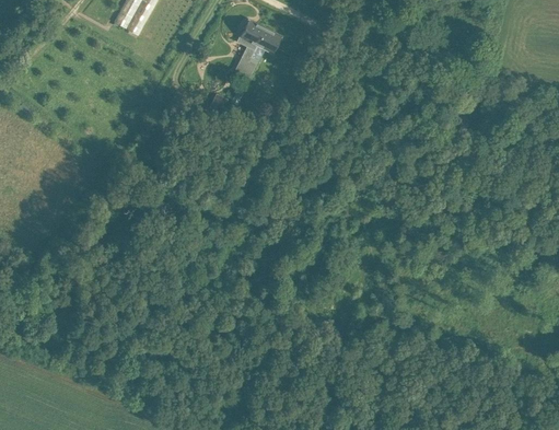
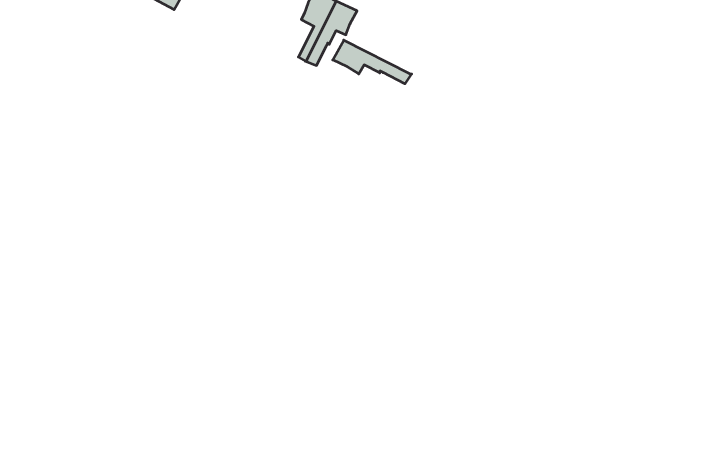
building: none -> [333,40,412,84]

